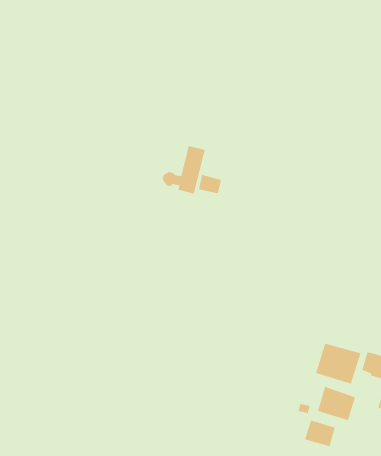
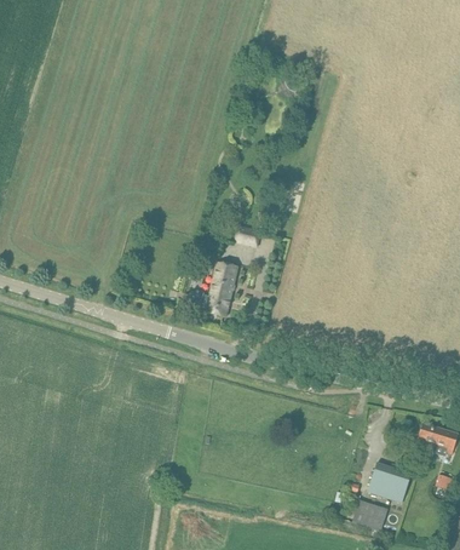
building: [162,146,205,194] -> [190,262,238,316]
building: [316,343,361,385] -> none

